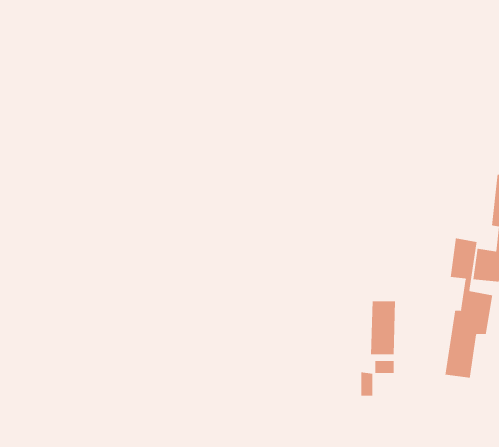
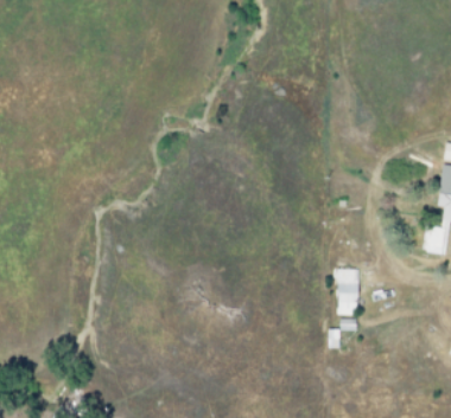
building: [445,237,493,379] -> none

